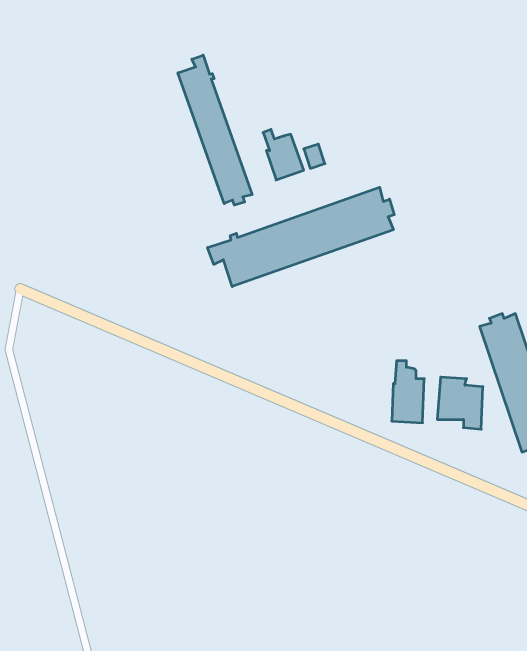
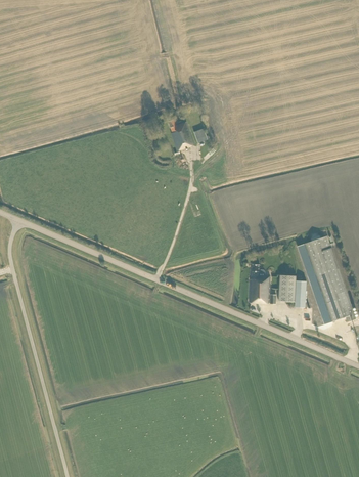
building: [178,55,252,205] -> none
building: [208,187,394,287] -> none

